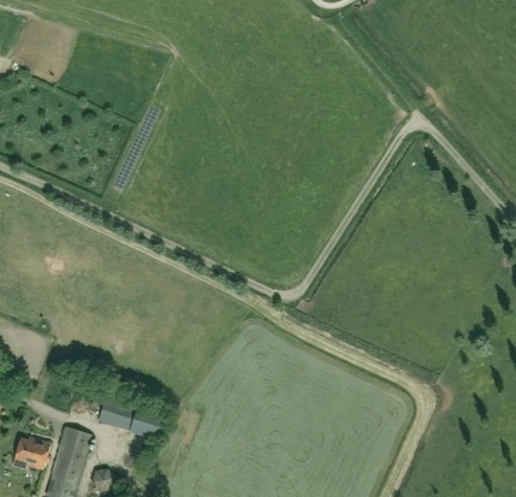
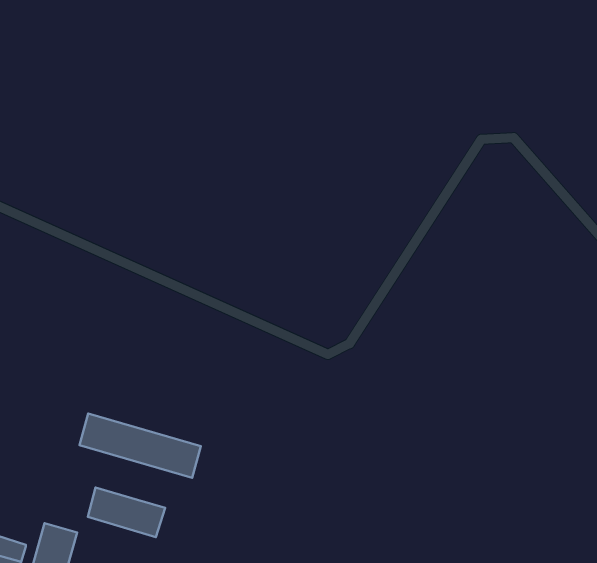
building: none -> [79,414,201,478]

